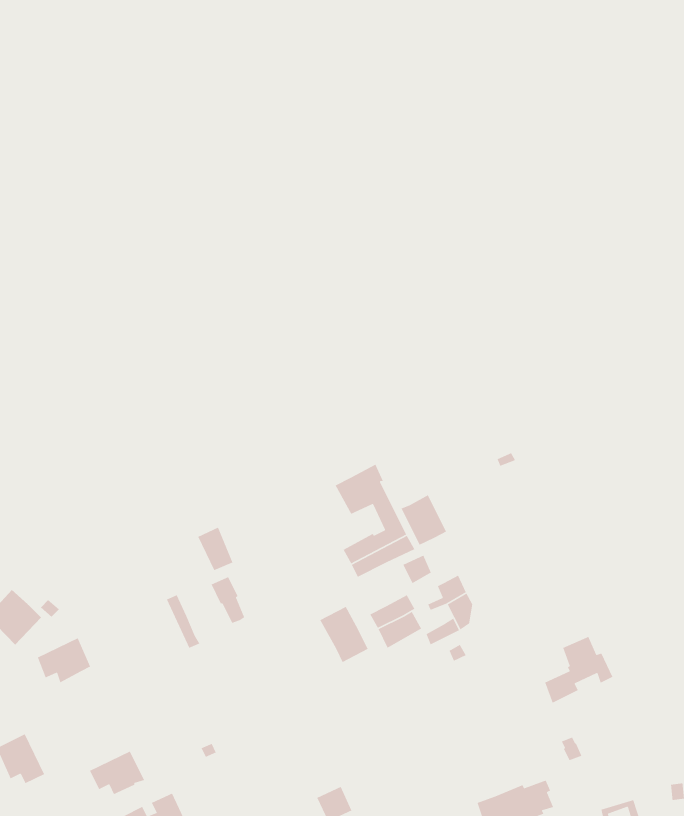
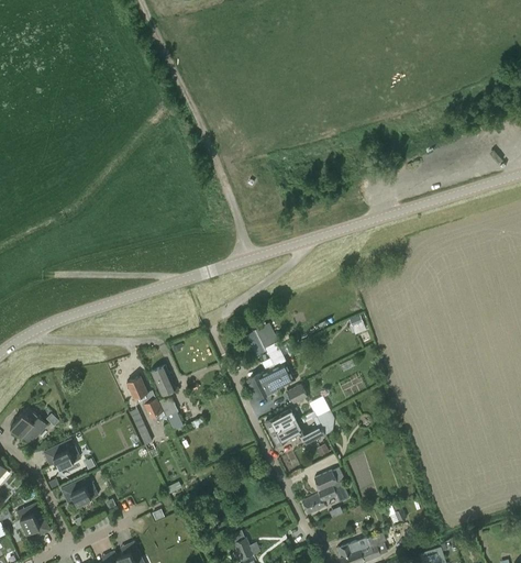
building: [400,494,447,546] -> none
building: none -> [126,376,163,418]
building: [319,606,369,663] -> none
building: [544,636,613,704] -> [302,471,348,516]
building: [89,751,145,795] -> [60,476,98,506]

